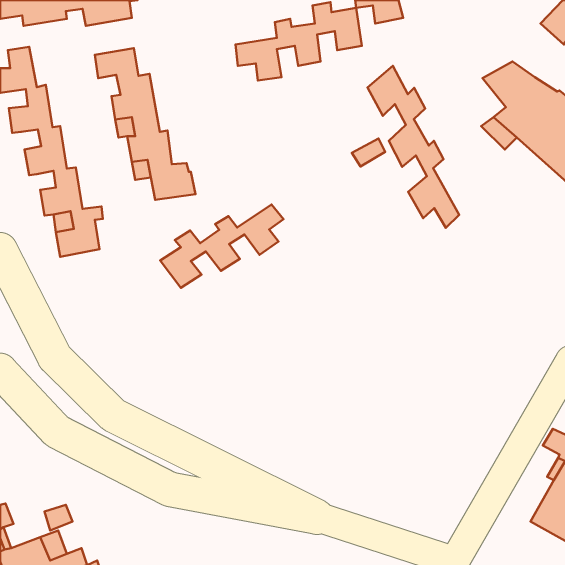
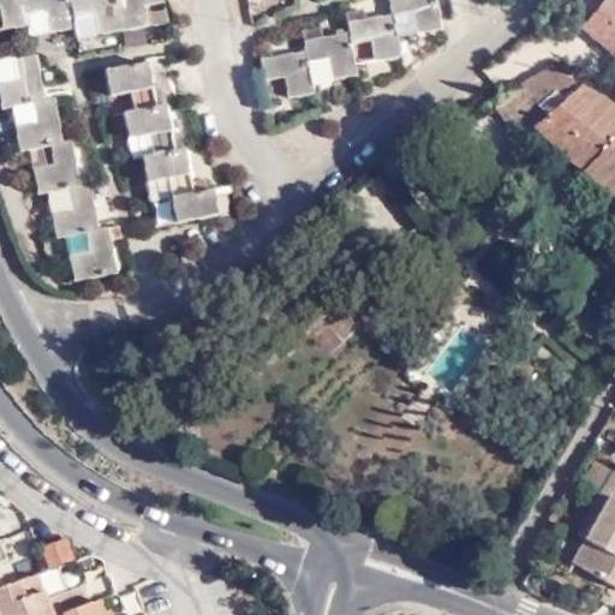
building: [368,66,459,228] -> none
building: [160,205,284,288] -> none

